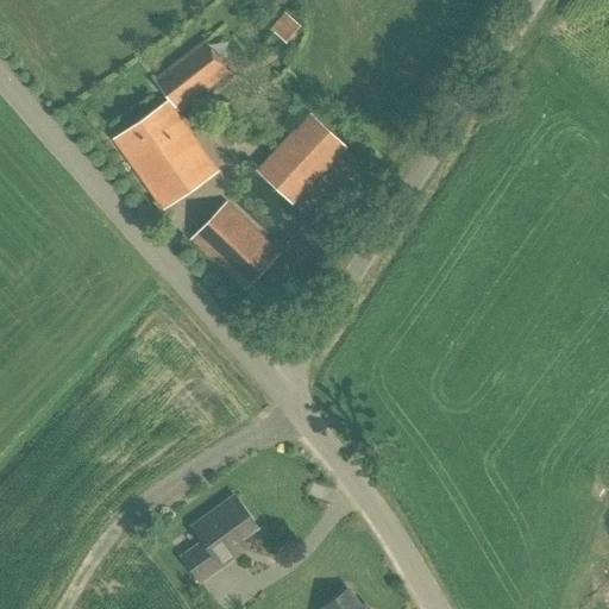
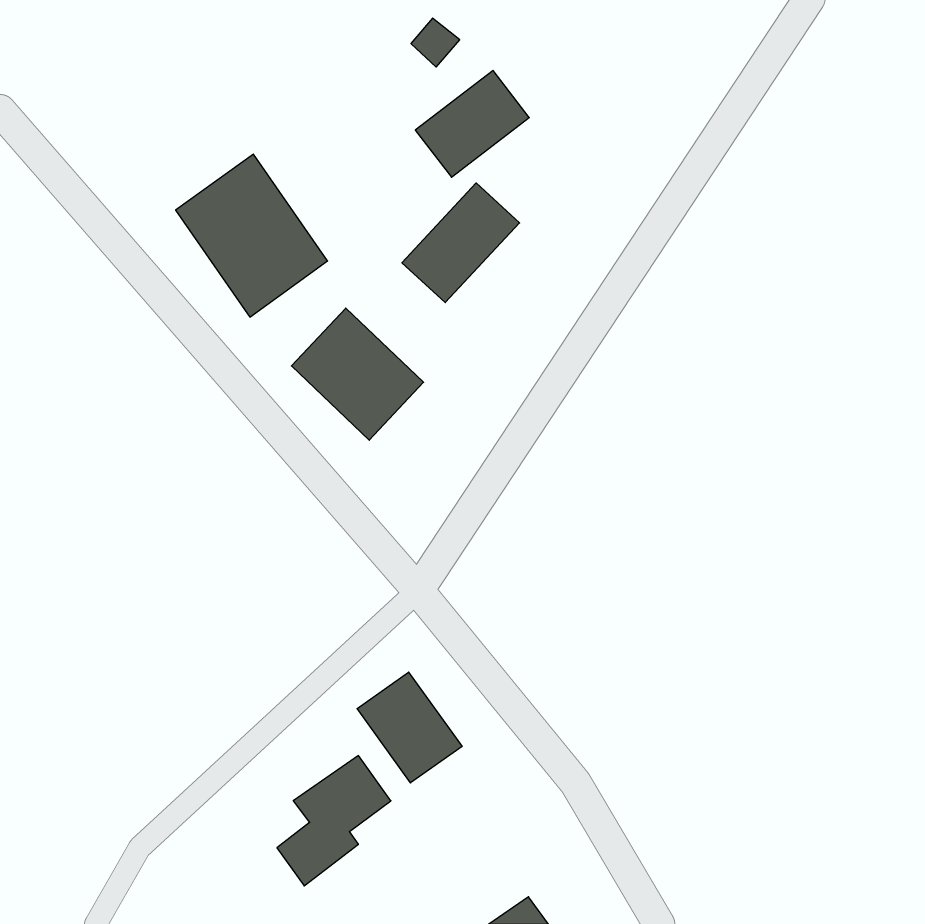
building: [153,40,228,111] -> [415,70,529,177]
building: none -> [357,672,462,783]

